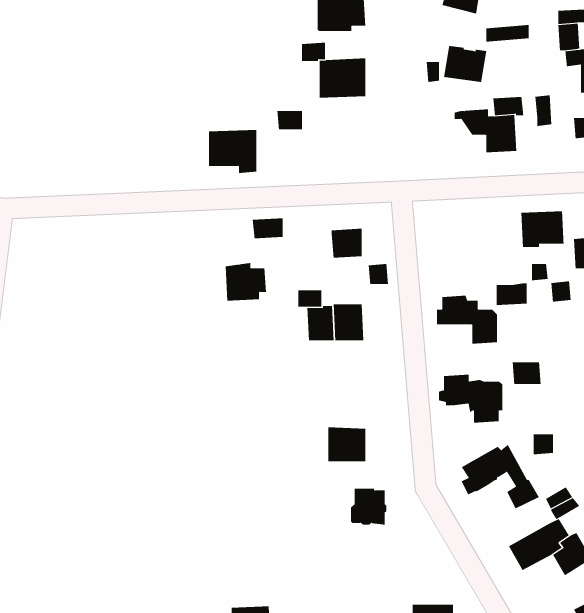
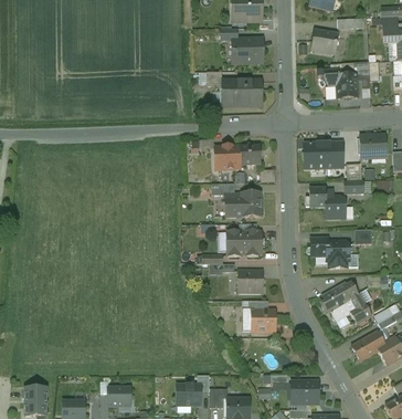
building: [208,130,257,173] -> [228,78,258,106]
building: none -> [304,137,346,167]
building: [225,263,267,301] -> [214,145,241,169]
building: none -> [225,230,262,255]

